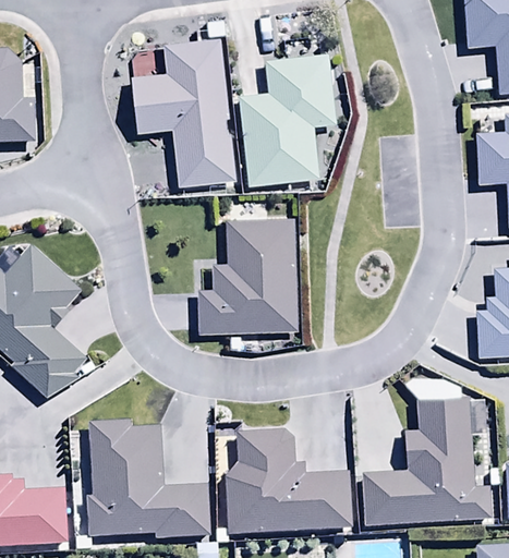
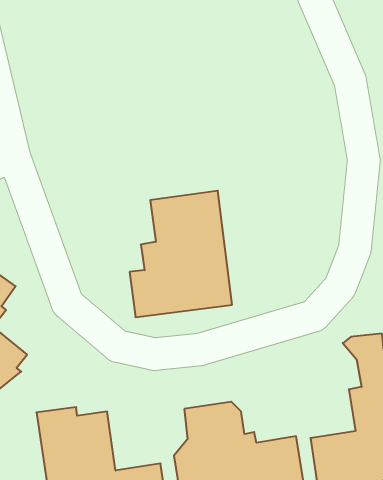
building: [132,38,237,185] -> none
building: [237,52,336,185] -> none

